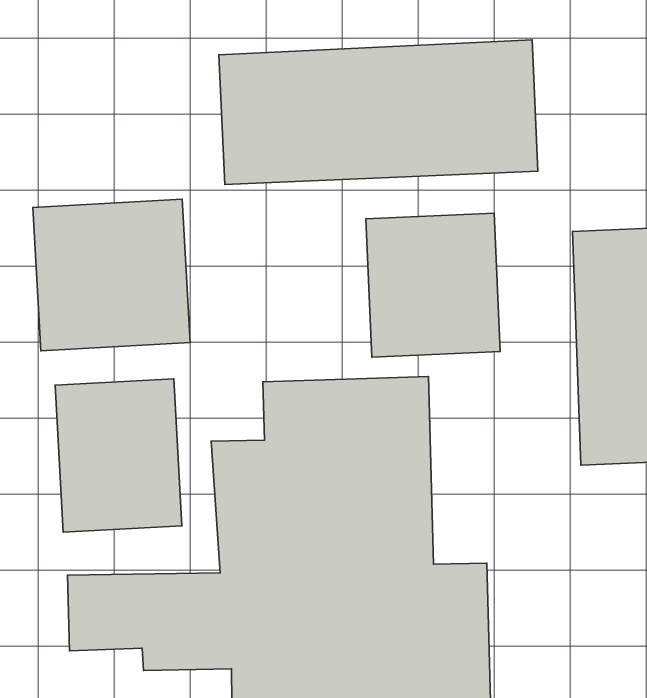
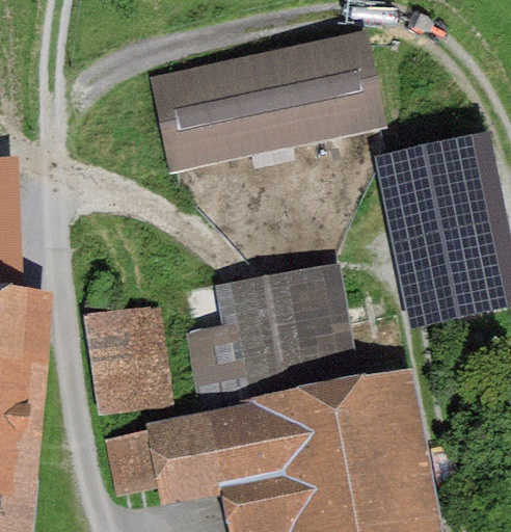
building: [33,199,190,351] -> none
building: [366,213,500,357] -> none

